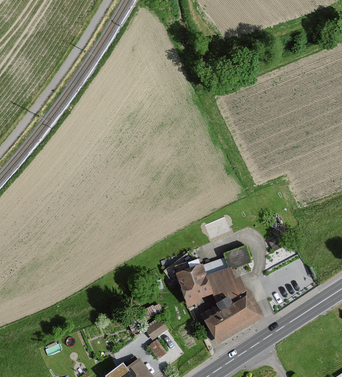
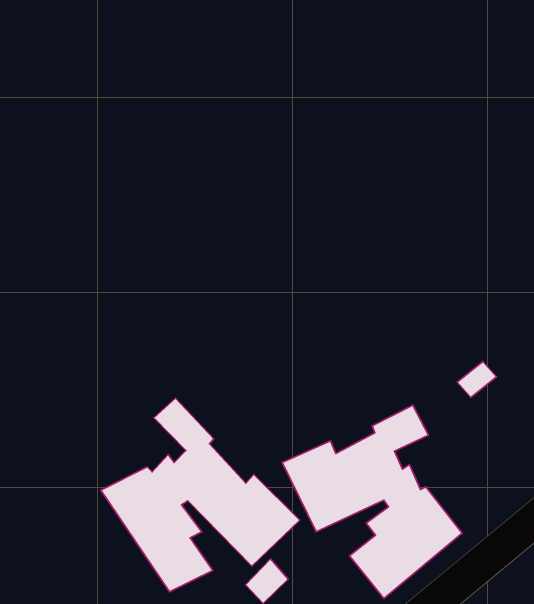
building: none -> [101,398,300,592]

